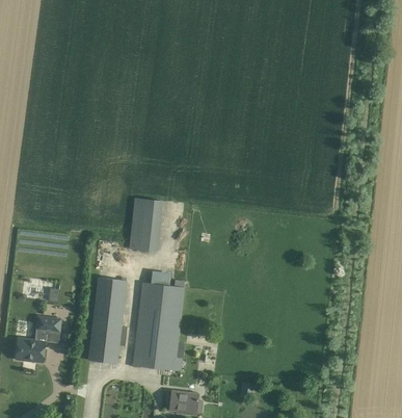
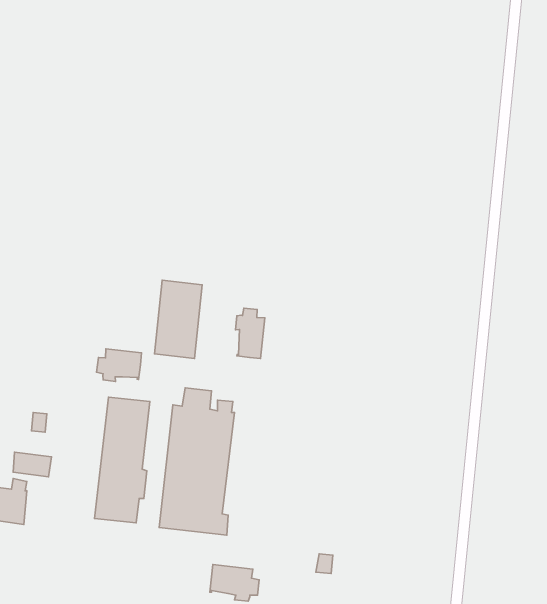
building: none -> [235,308,265,359]
building: none -> [97,349,142,381]

